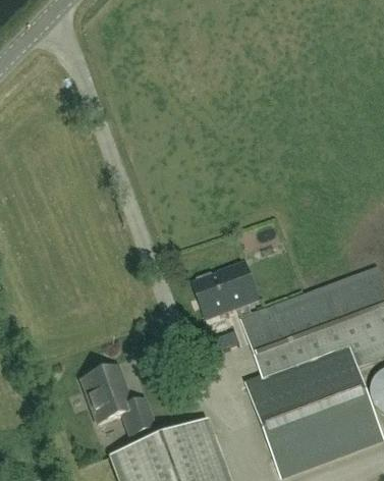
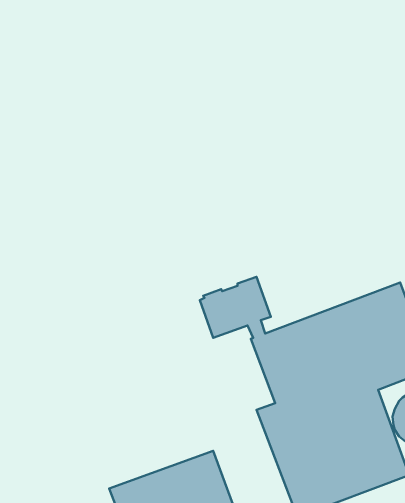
building: [81,366,153,434] -> none

